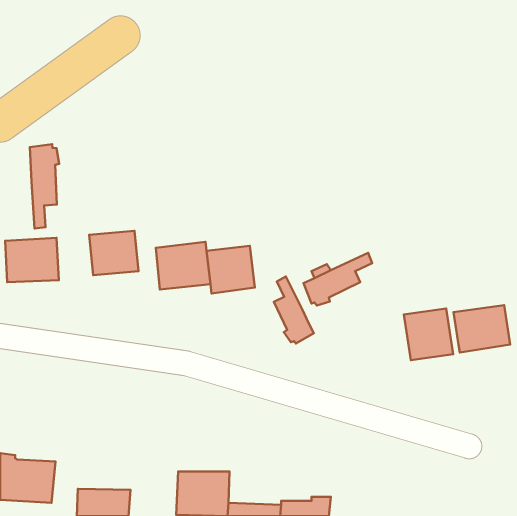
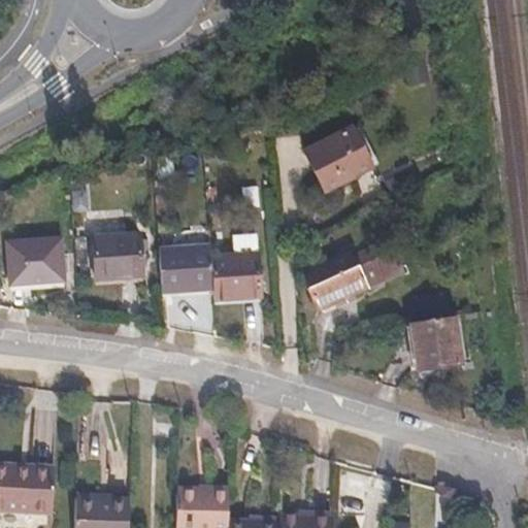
building: none -> [303,129,369,191]
building: [30,144,59,229] -> none
building: [274,277,314,343] -> none
building: [453,305,510,352] -> none

